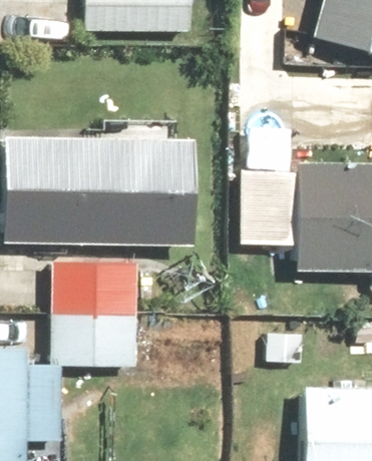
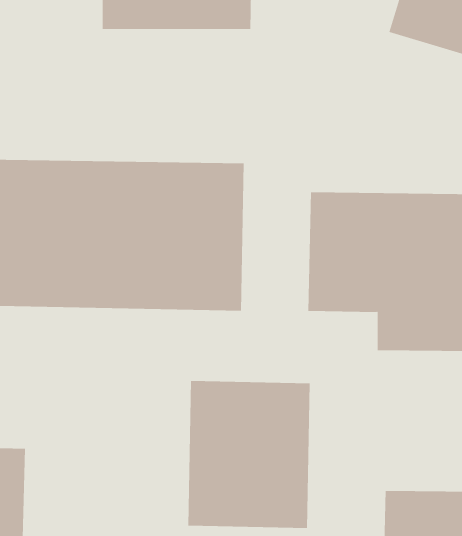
building: [54,260,148,373] -> [187,381,311,529]

